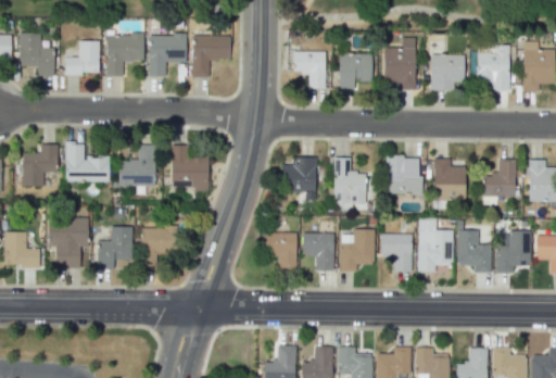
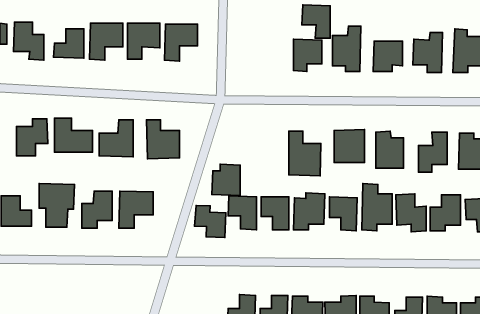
building: [293,50,326,88] -> [302,5,330,38]
building: [283,156,316,192] -> [212,164,240,195]
building: none -> [194,205,226,237]

